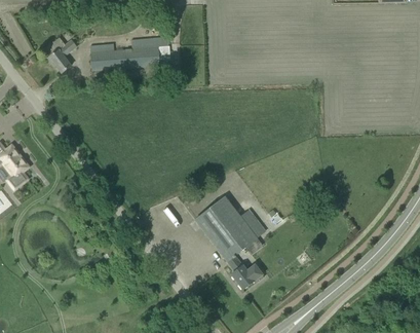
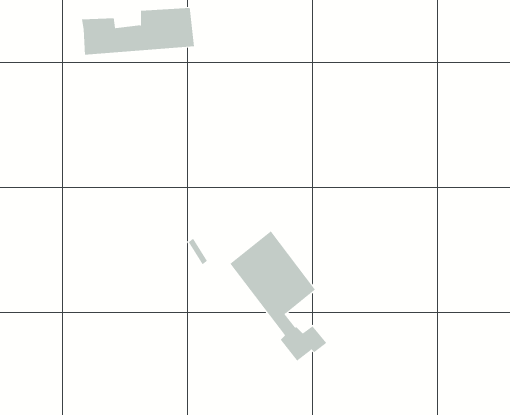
building: [43,37,76,72] -> none

